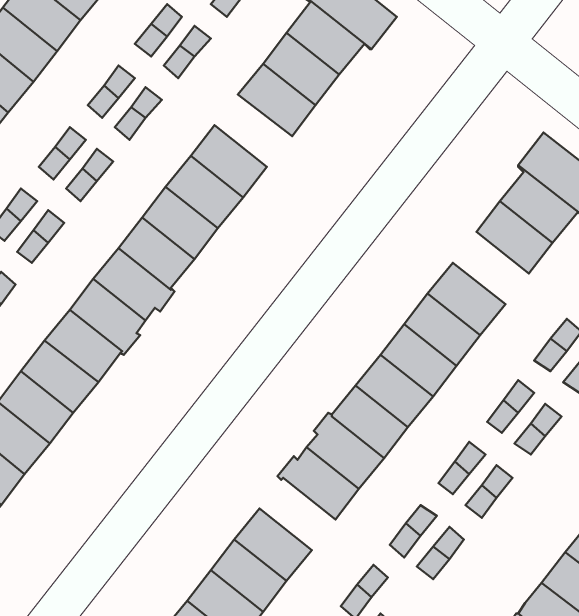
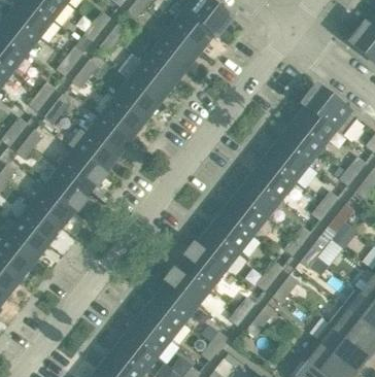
building: none -> [129,63,173,104]
building: none -> [265,141,308,182]
building: none -> [155,281,198,322]

